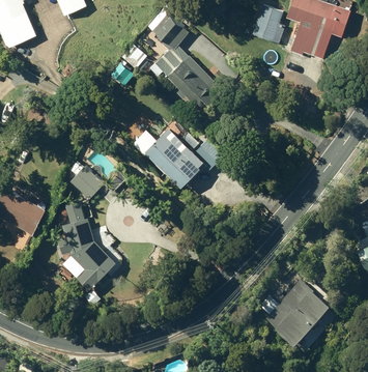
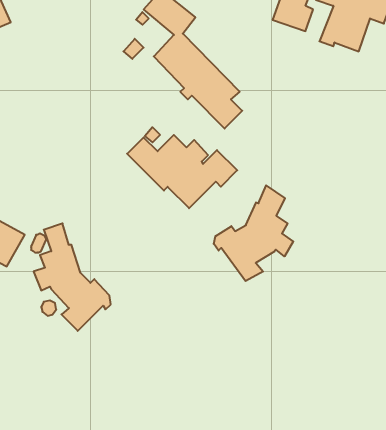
building: [67,165,102,199] -> none
building: none -> [214,185,293,281]
building: [267,281,338,352] -> none

